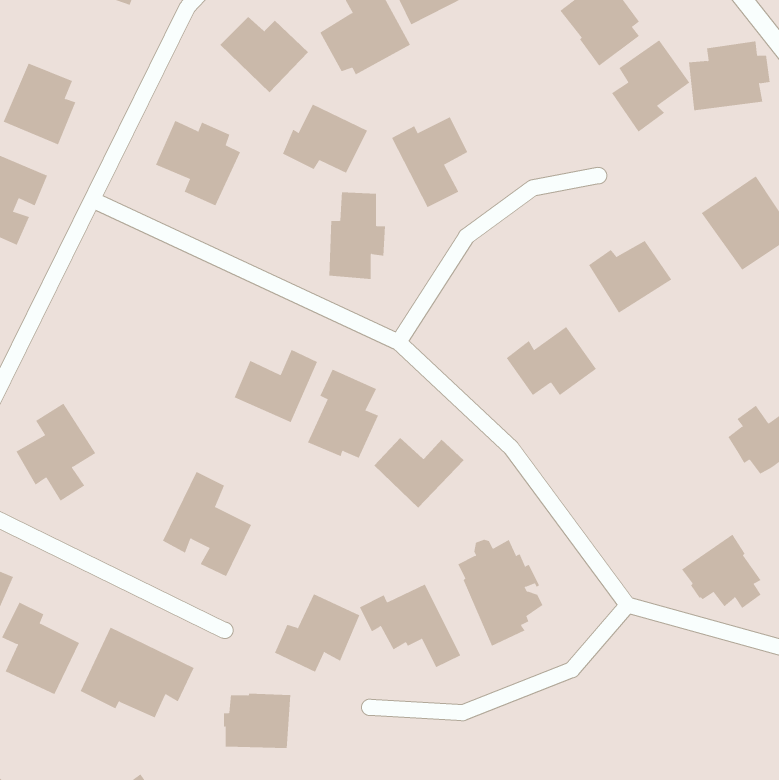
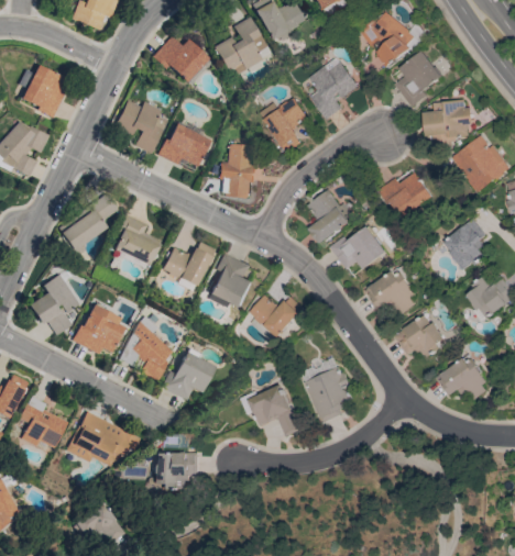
building: [688,41,770,111] -> [423,99,473,142]
building: none -> [308,57,359,119]
building: [282,104,368,174] -> [157,123,210,166]
building: none -> [308,190,351,243]
building: none -> [59,194,118,249]
building: none -> [113,215,162,266]
building: none -> [443,219,486,270]
building: none -> [364,269,416,314]
building: none -> [74,304,127,353]
building: none -> [394,315,445,357]
building: [274,594,360,672] -> [162,352,215,400]

